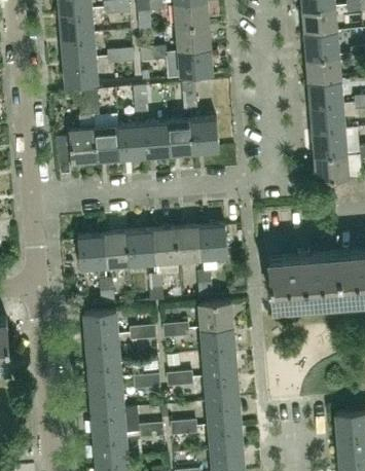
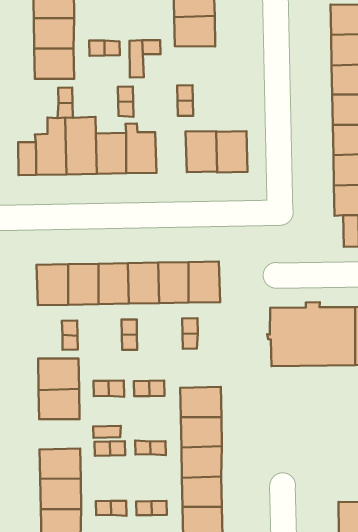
building: [178,48,213,76] -> none
building: [167,119,194,154] -> [216,131,248,172]
building: [198,300,233,328] -> none
building: [87,359,122,386] -> none

